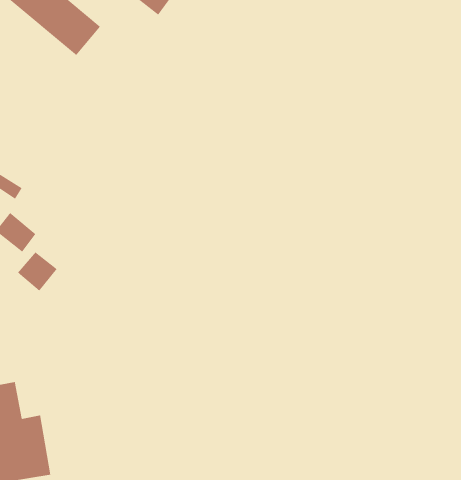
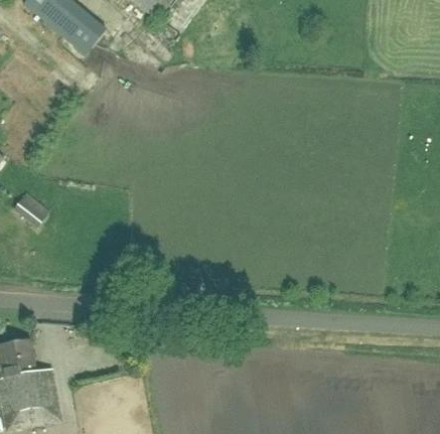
building: [17,252,57,291] -> none

